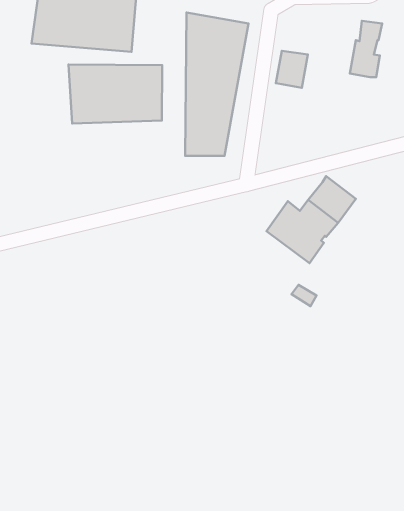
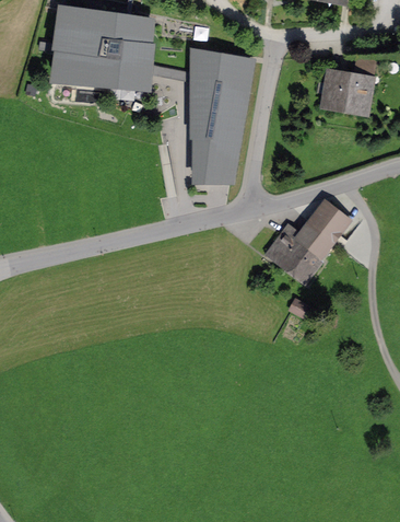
building: [276,51,308,88] -> [321,73,351,107]
building: [69,64,162,124] -> none

